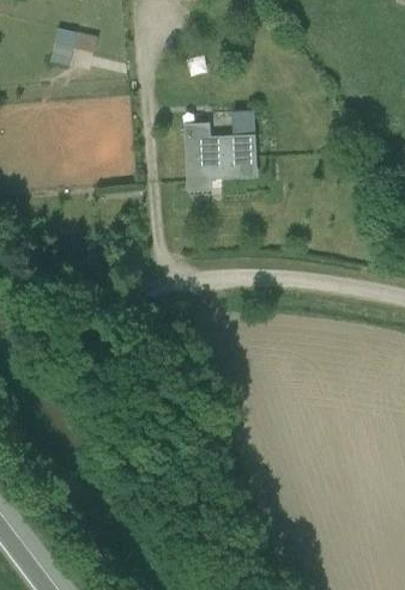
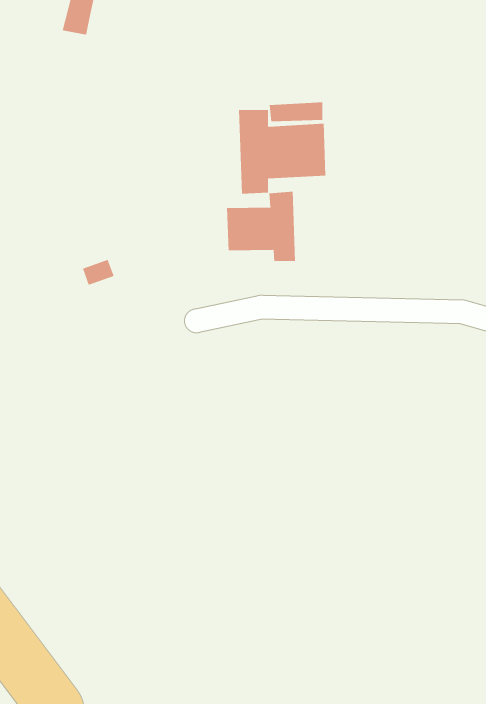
building: none -> [226,191,296,262]

